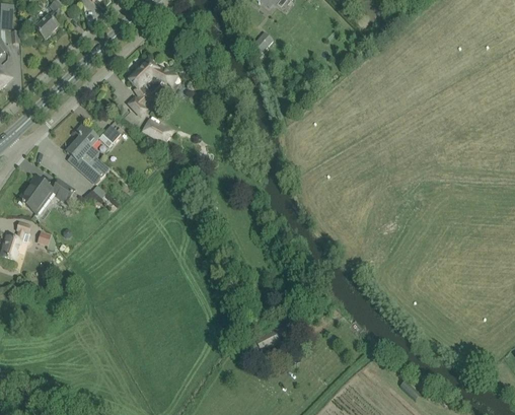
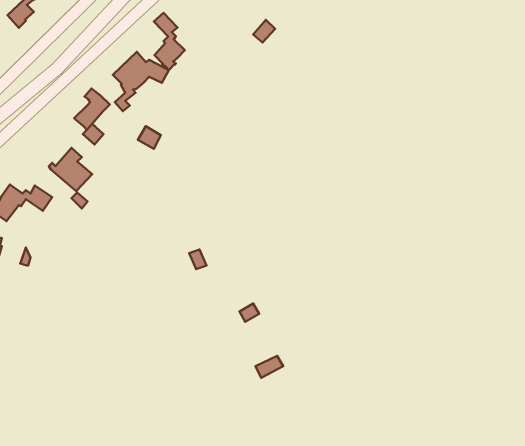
building: none -> [154,13,185,70]
building: [65,124,96,160] -> [74,89,110,130]

